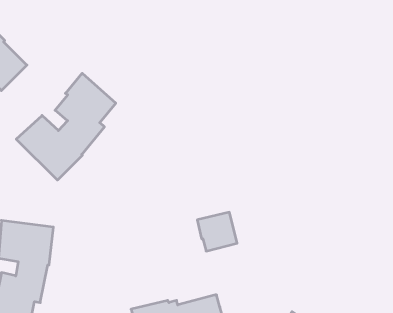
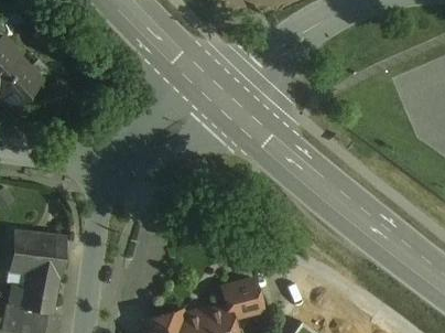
building: [16,73,116,180] -> none
building: [197,212,237,251] -> [223,281,262,320]

